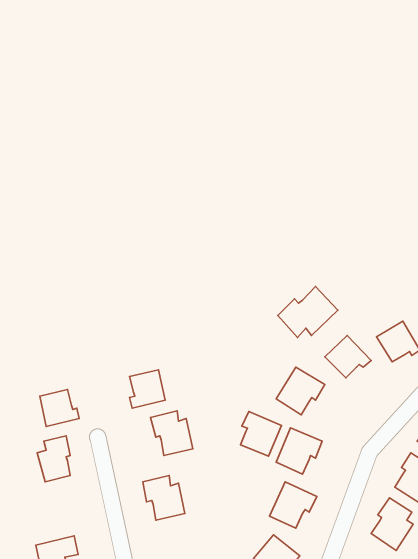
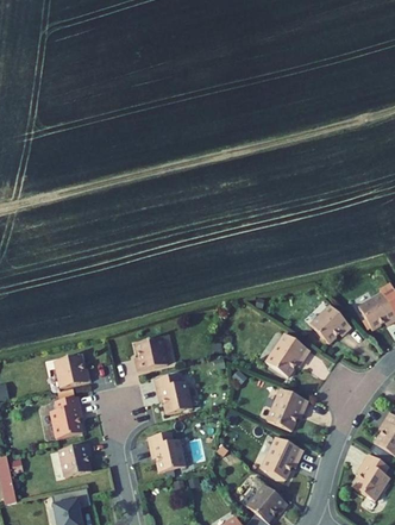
building: [278,287,338,338] -> none
building: [241,411,281,456] -> none
building: none -> [58,442,90,476]

